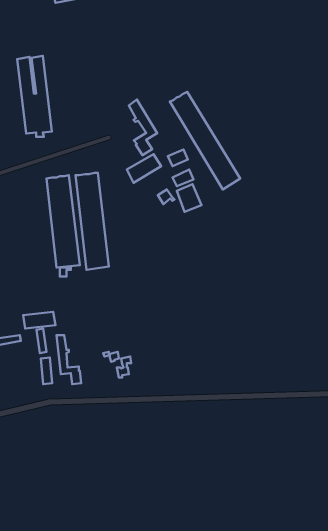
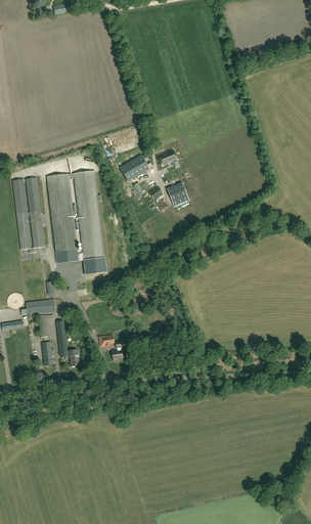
building: [17,56,52,137] -> [12,178,44,253]
building: [170,92,240,190] -> none
building: [129,100,157,155] -> none

